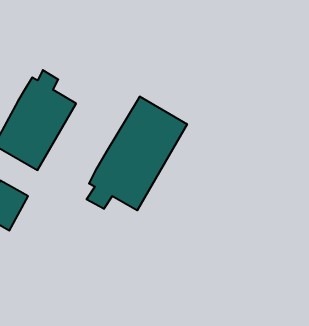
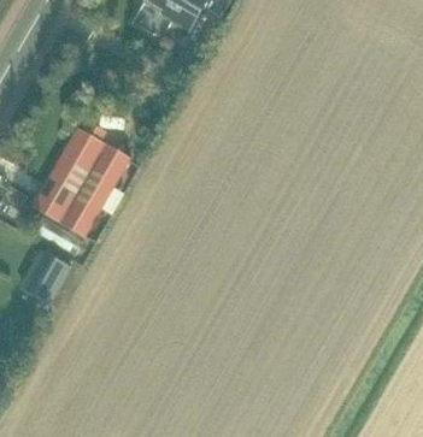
building: [87,96,187,210] -> none

